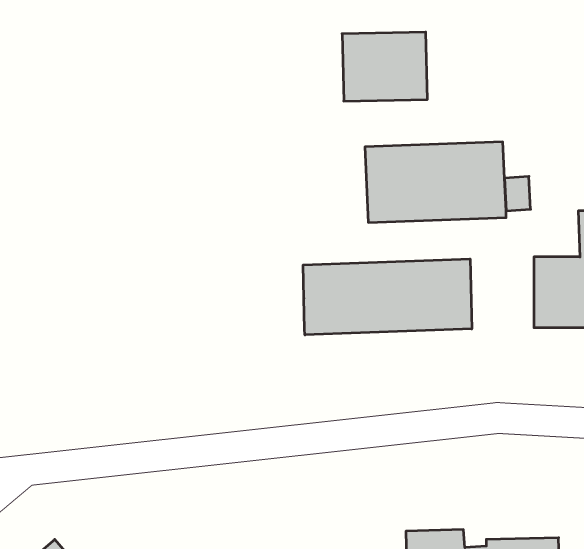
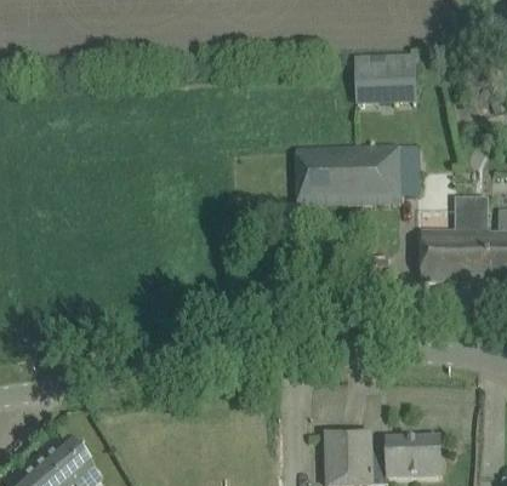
building: [342,32,427,101] -> [349,53,412,104]
building: [303,259,472,335] -> none

